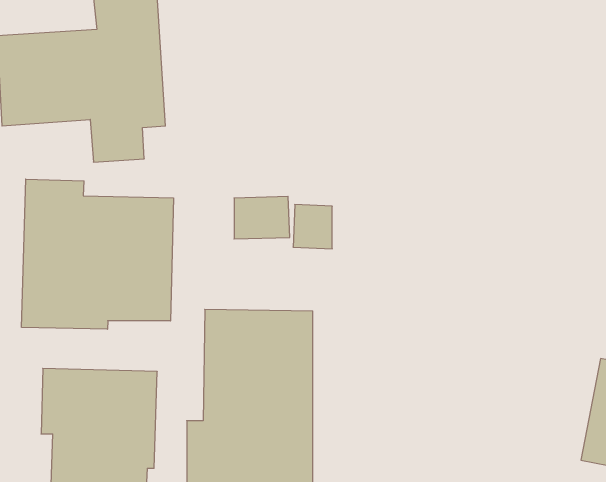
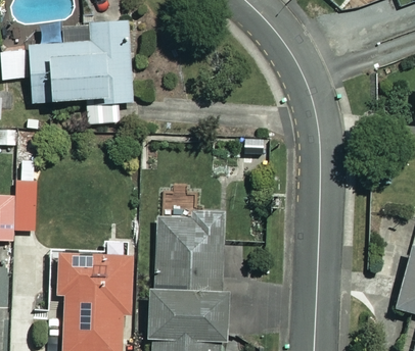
building: [22,179,173,329] -> none

